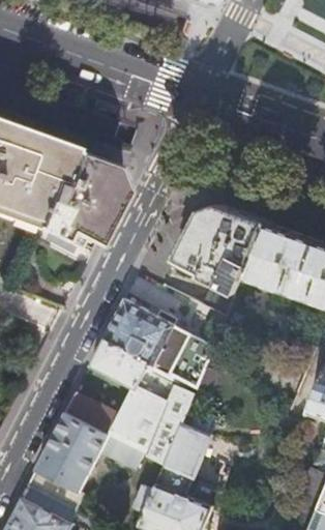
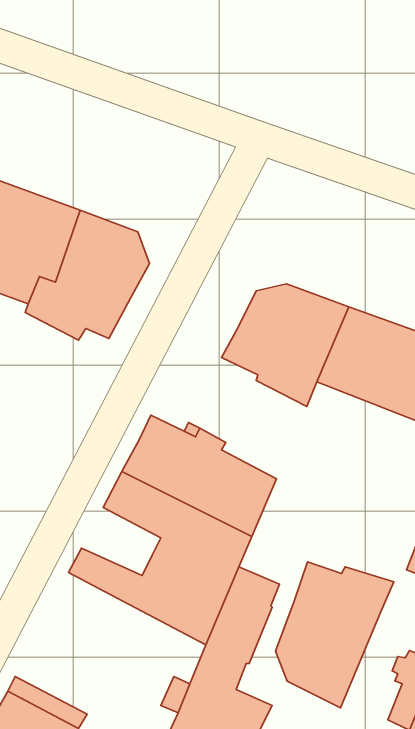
building: none -> [276,562,394,708]
building: [34,415,107,495] -> none

